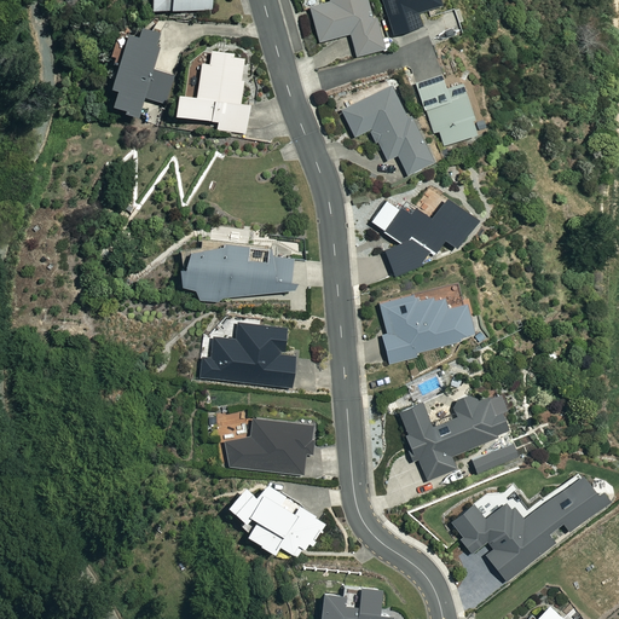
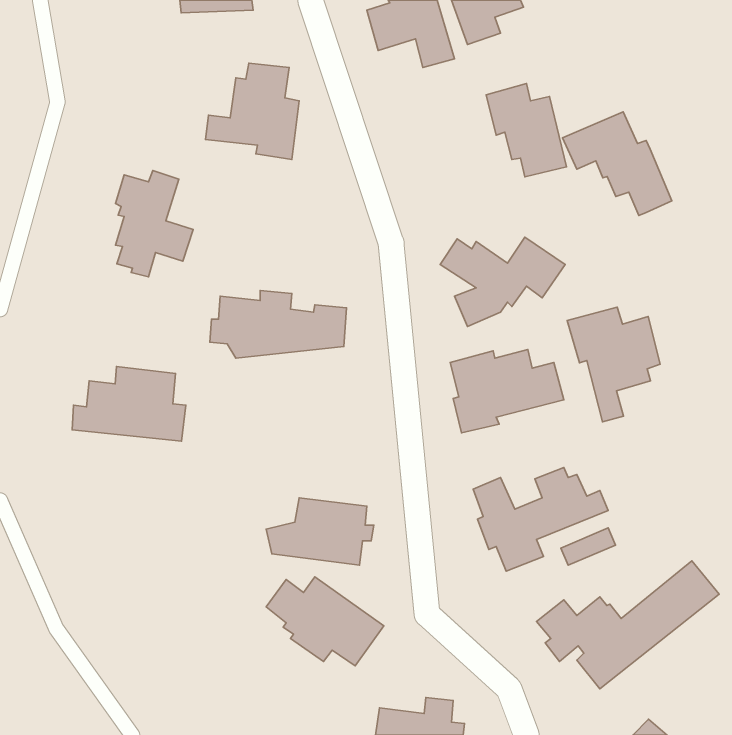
building: [110,28,175,117] -> [115,170,193,277]
building: [343,88,435,175] -> [563,112,672,215]
building: none -> [567,307,660,422]
building: [201,324,296,387] -> [72,366,186,441]

